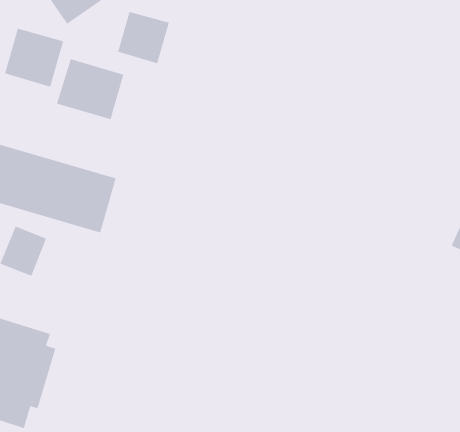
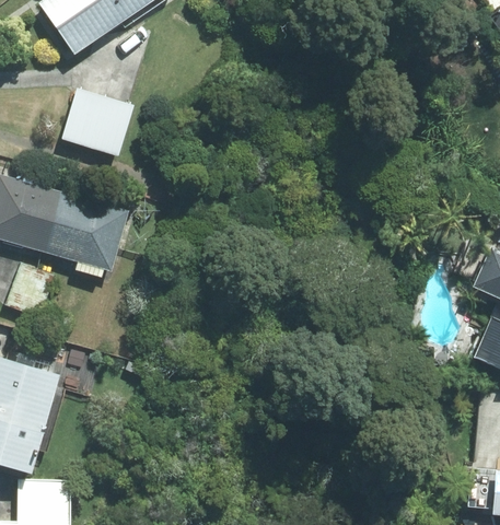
building: [117,11,170,64] -> none
building: [5,28,64,88] -> none

